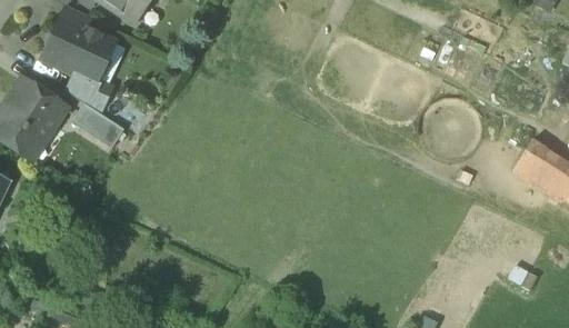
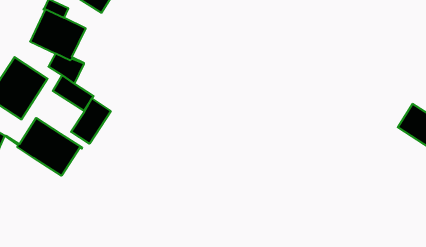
building: none -> [71,99,111,144]
building: none -> [5,118,82,176]

